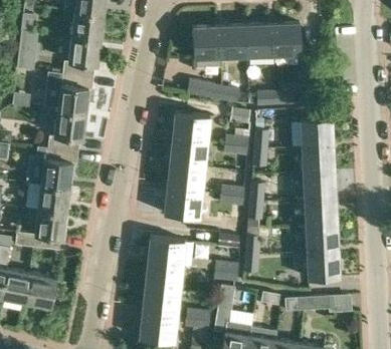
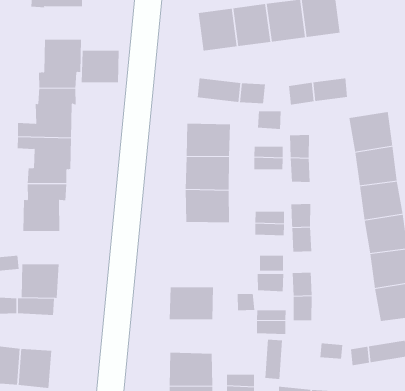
building: [71,12,104,40] -> [81,50,119,83]
building: [37,184,69,212] -> none
building: [164,189,201,218] -> none
building: [145,263,181,292] -> none

